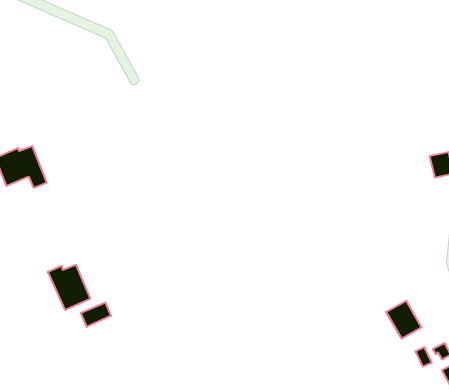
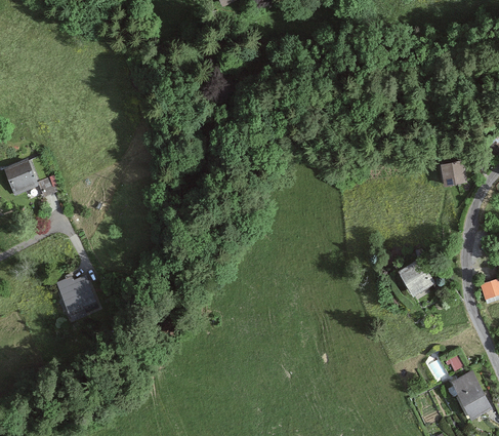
building: [386,301,422,338] -> [400,257,435,295]
building: [81,303,111,327] -> none

